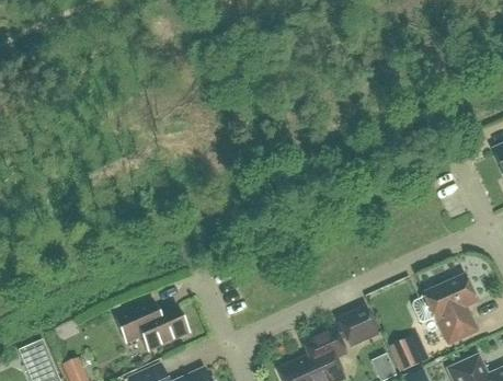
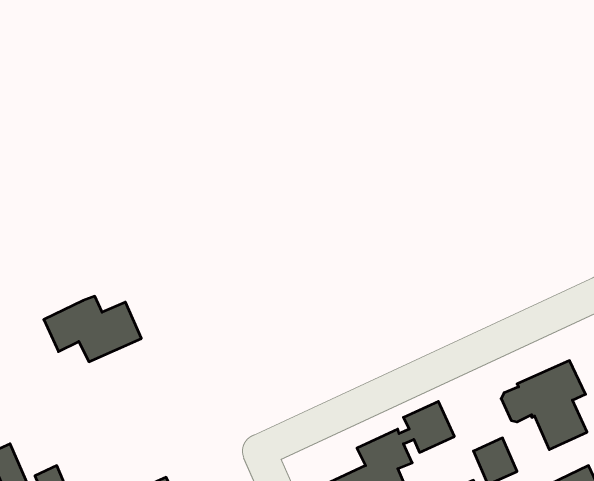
building: [115,300,188,349] -> [44,296,141,362]

